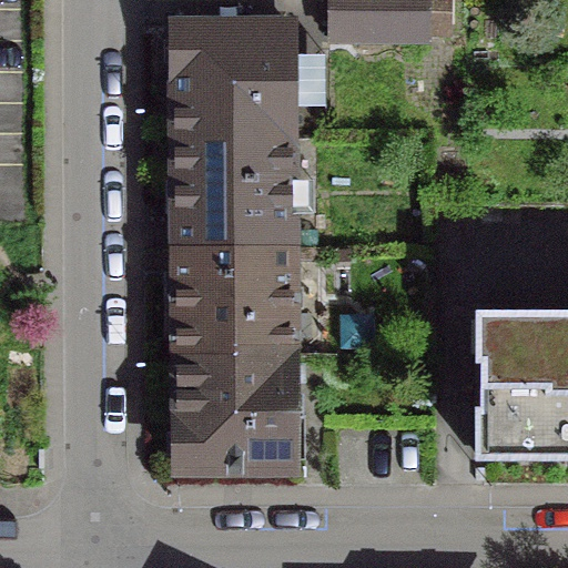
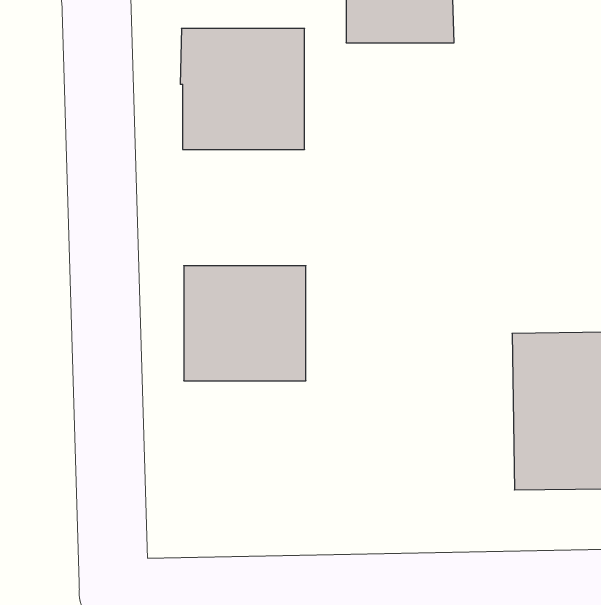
building: [175,140,291,248] -> none
building: [176,356,292,469] -> none

